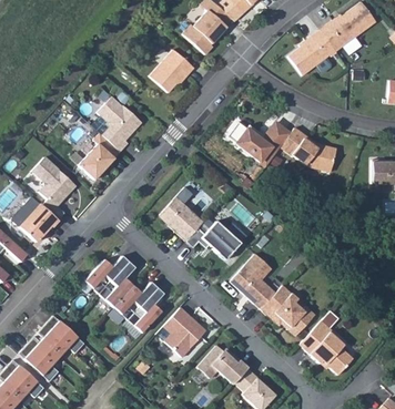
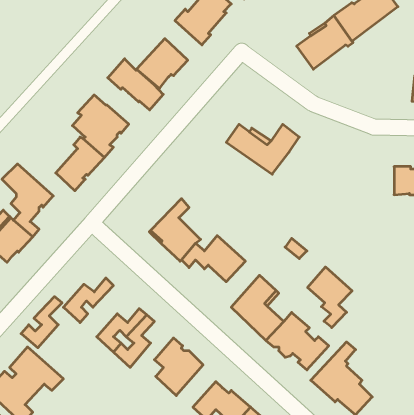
building: none -> [108,59,163,110]
building: [281,127,336,172] -> none
building: none -> [308,267,352,328]
building: [100,263,135,307] -> [21,297,62,348]

